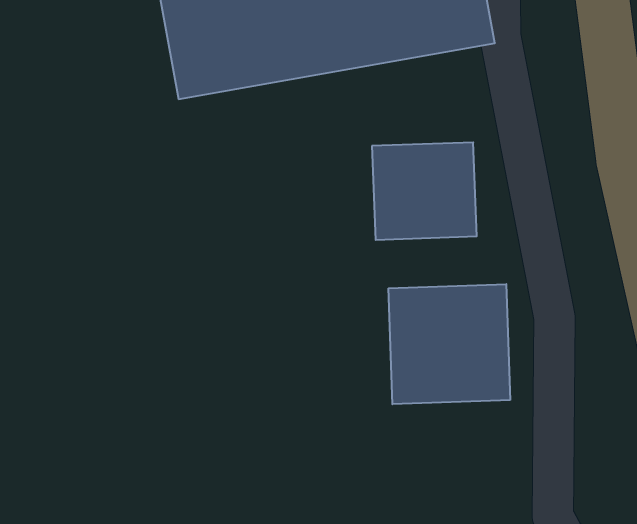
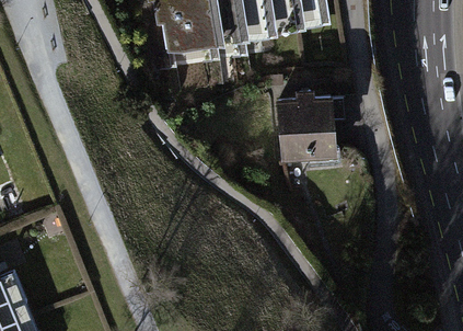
building: [389,284,510,404] -> none

